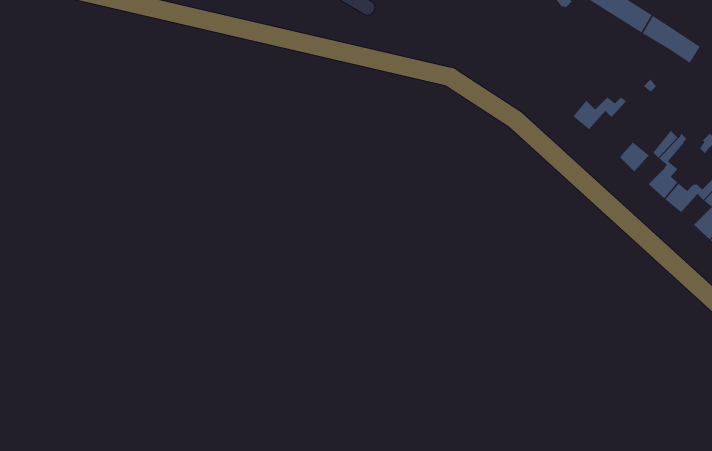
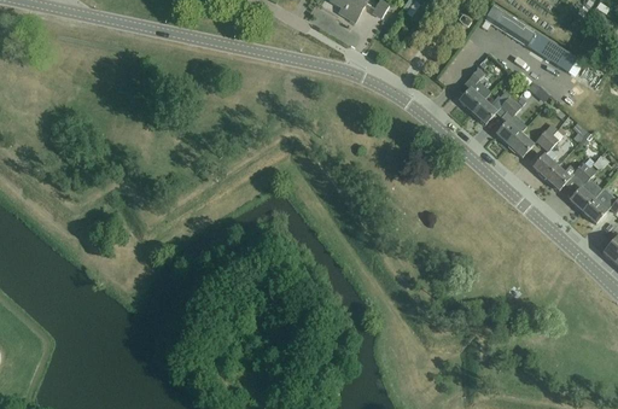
building: none -> [456,68,489,112]
building: none -> [495,100,525,145]

